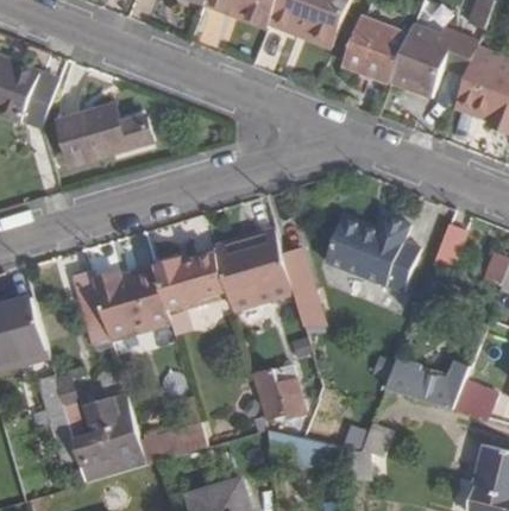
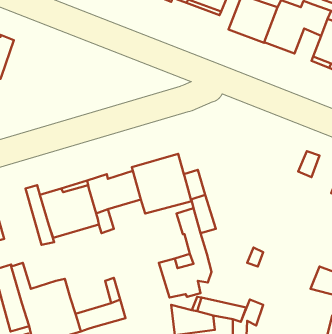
building: [58,105,152,163] -> none
building: [325,202,425,292] -> none
building: [384,359,469,409] -> none

